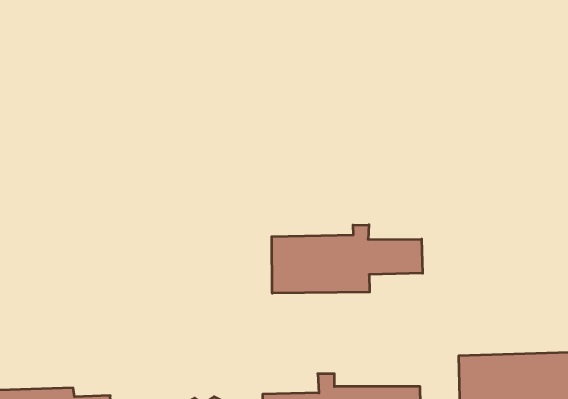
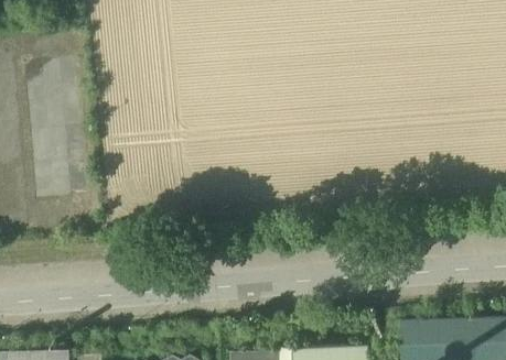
building: [272,225,423,293] -> none

